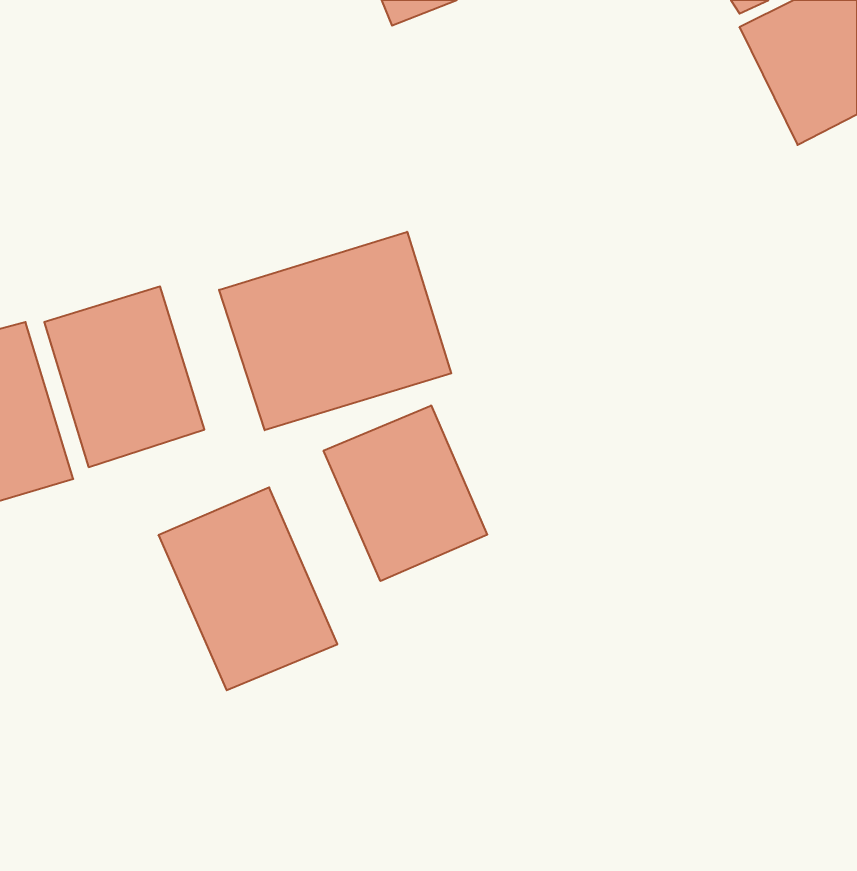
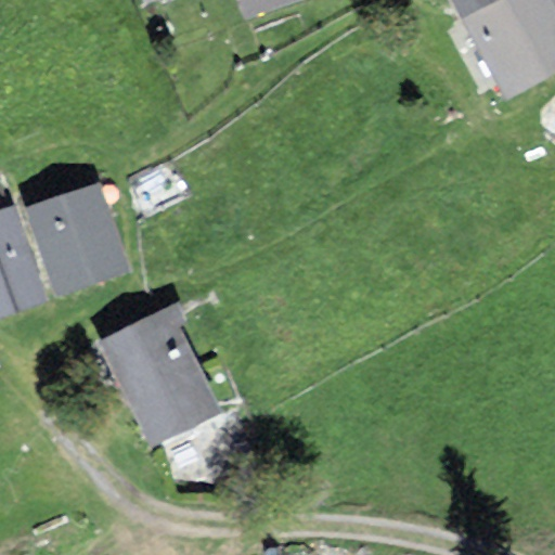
building: [219,232,451,430] -> none
building: [324,405,487,581] -> none

